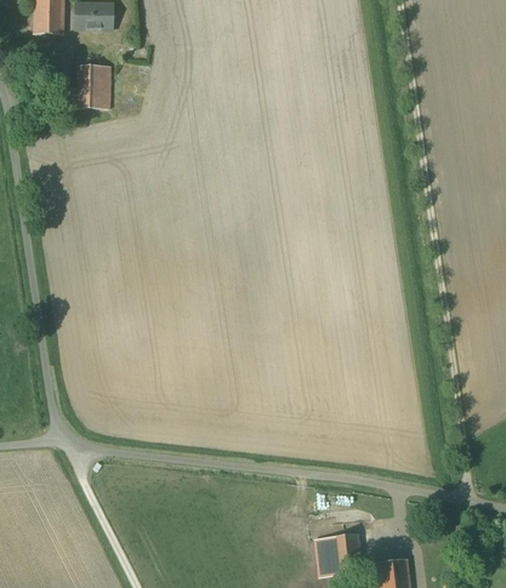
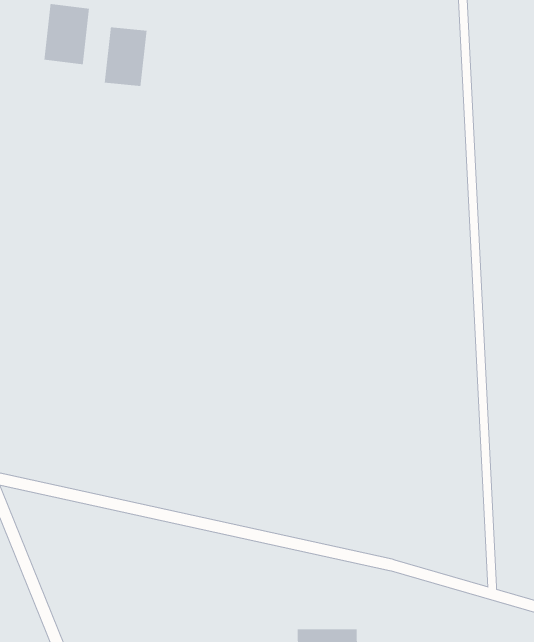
building: none -> [104,26,147,87]

